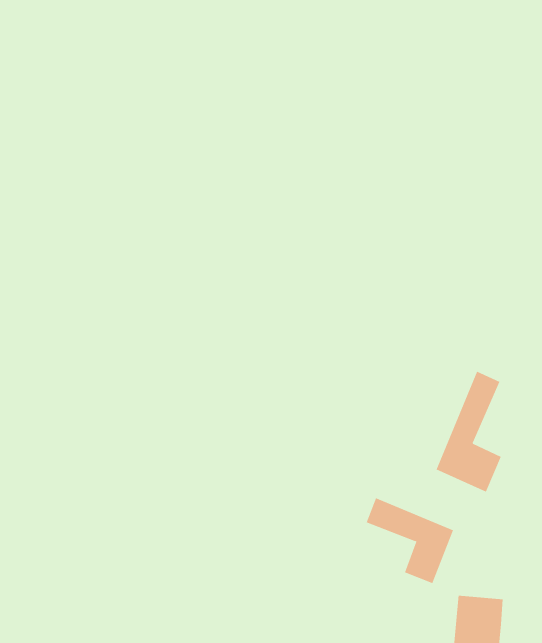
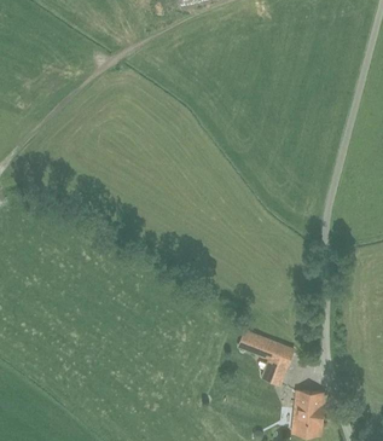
building: [436,371,502,492] -> none

